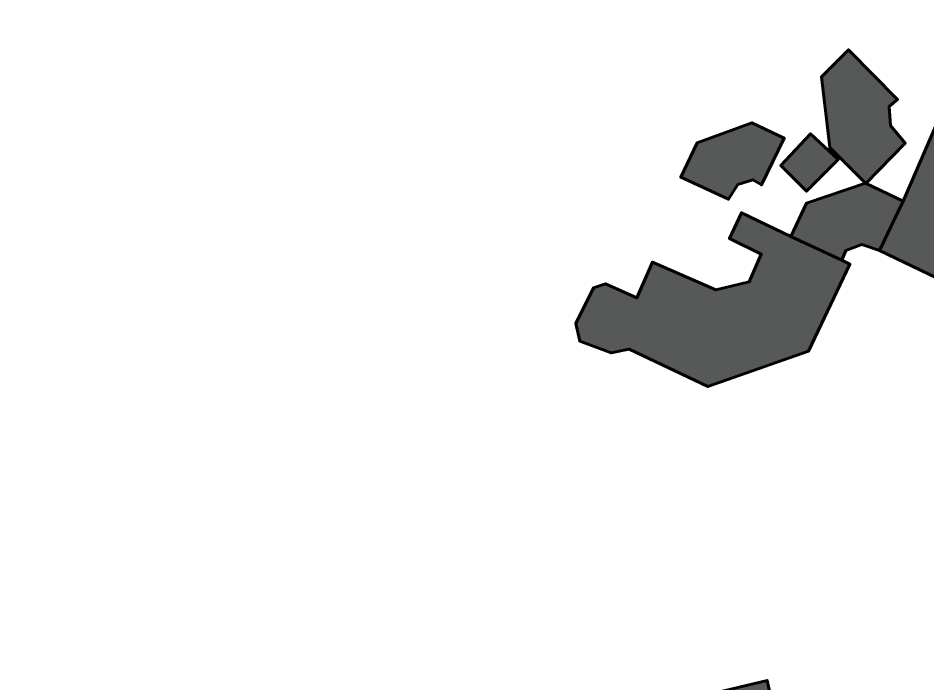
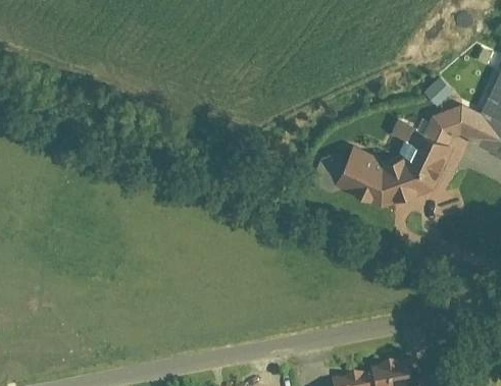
building: [822,50,905,183] -> none
building: [681,123,784,199] -> none

